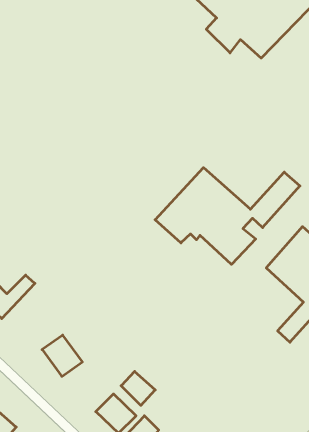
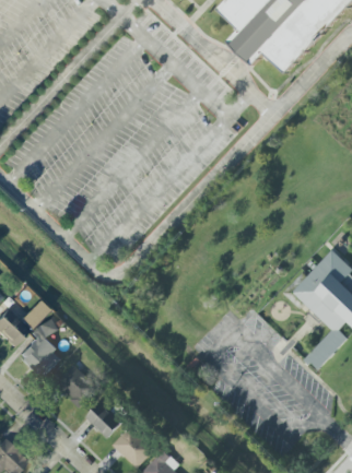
building: [155,168,300,264] -> none
building: none -> [19,317,62,378]
building: [121,371,155,405] -> [86,402,122,438]

